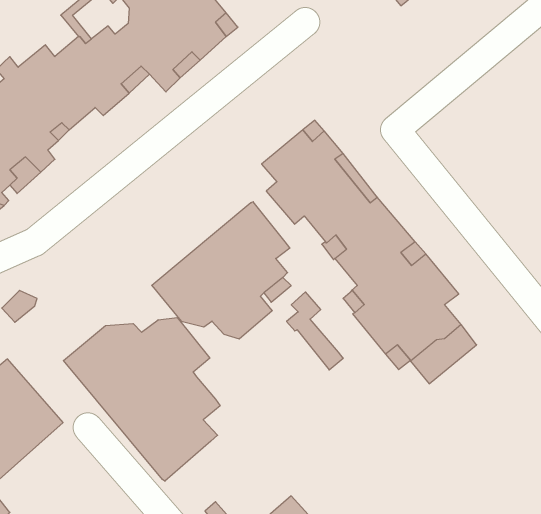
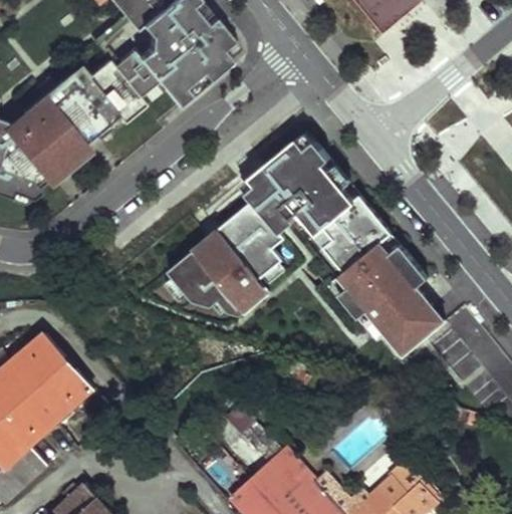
building: [287,292,343,370] -> [243,168,291,234]
building: [63,318,220,481] -> none

